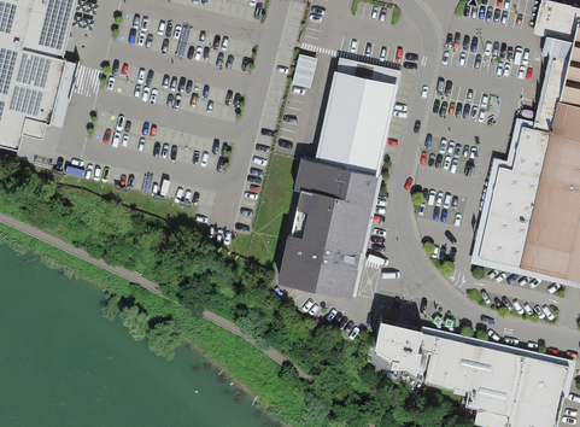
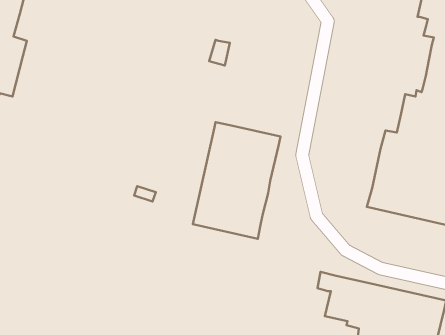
building: [316,60,398,175] -> none
building: [376,322,430,381] -> none

